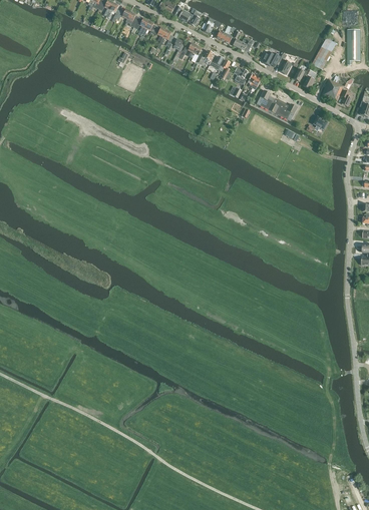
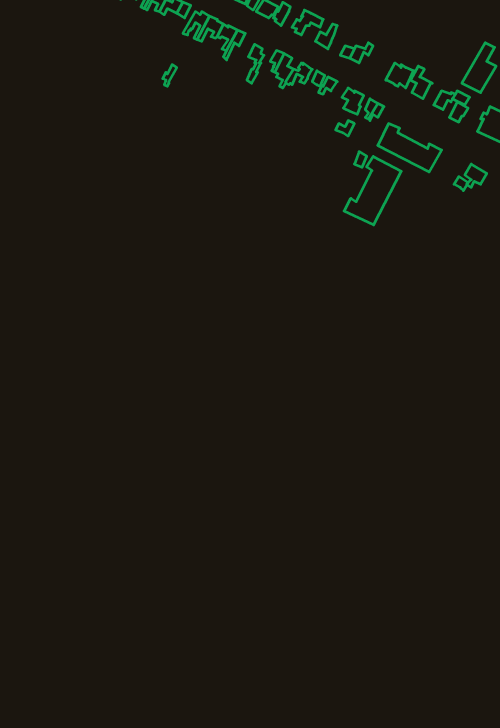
building: none -> [344,156,401,225]

